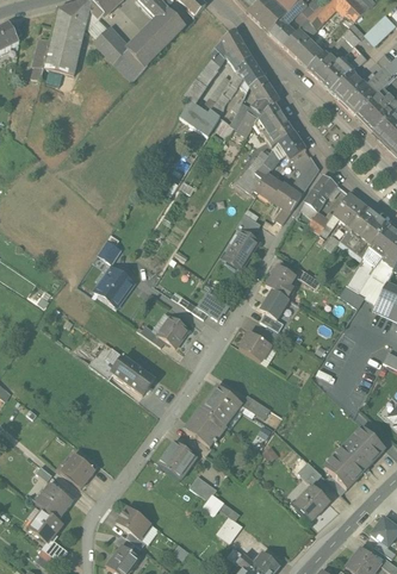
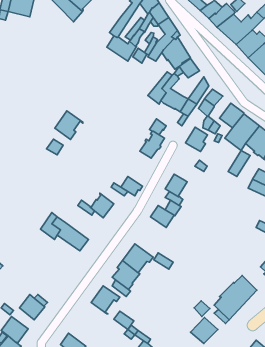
building: [265,263,294,297] -> [186,127,207,152]
building: [94,267,132,306] -> [55,111,83,140]

